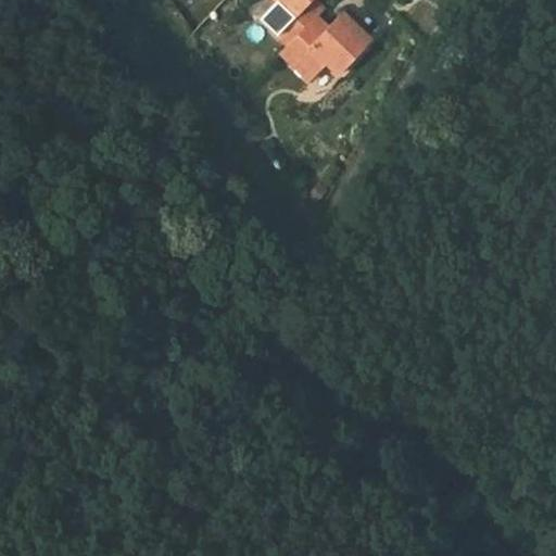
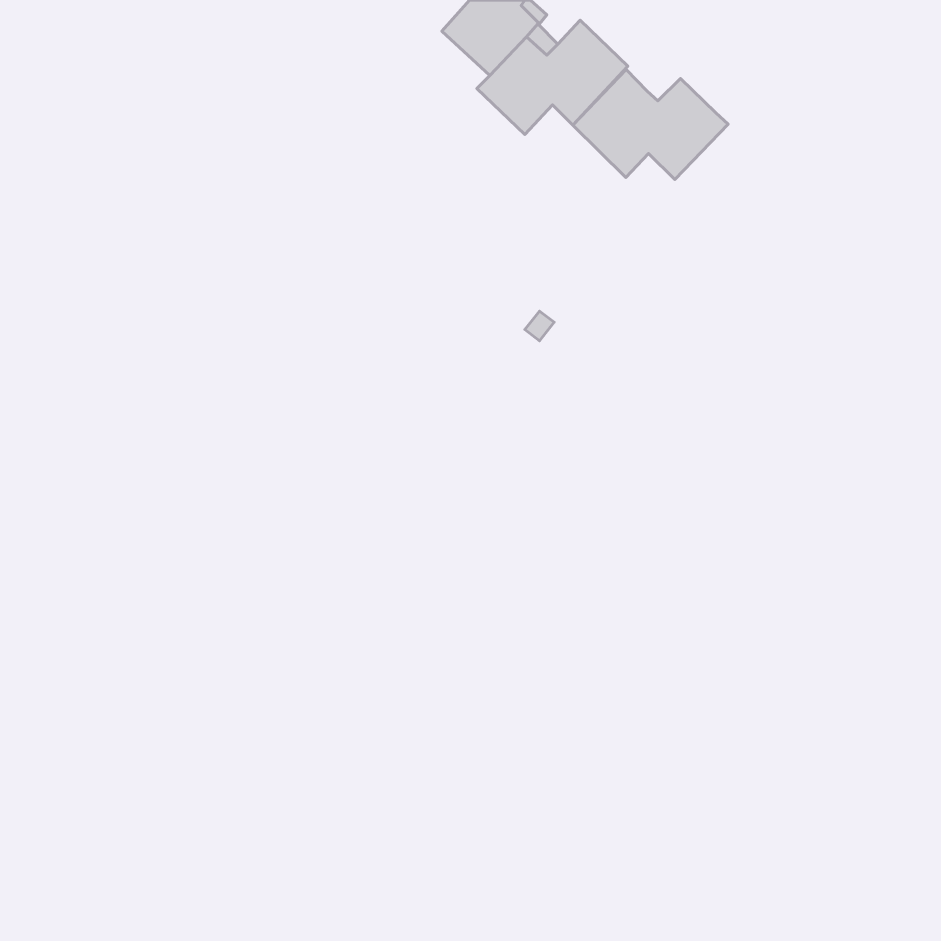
building: none -> [573,70,728,180]

